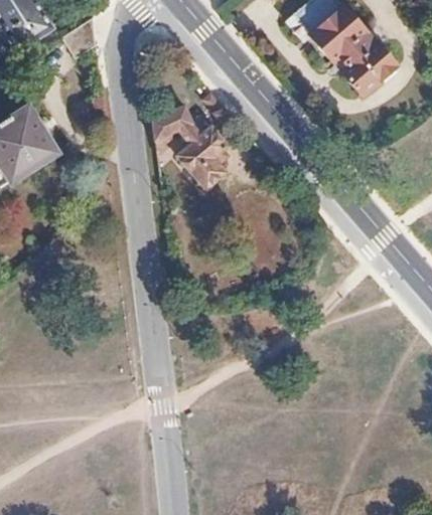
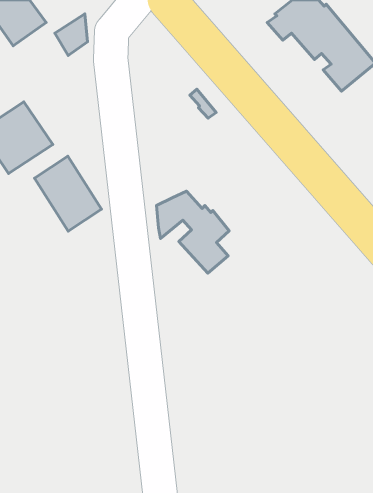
building: [154,106,230,191] -> [157,191,229,273]
building: none -> [35,156,102,231]

